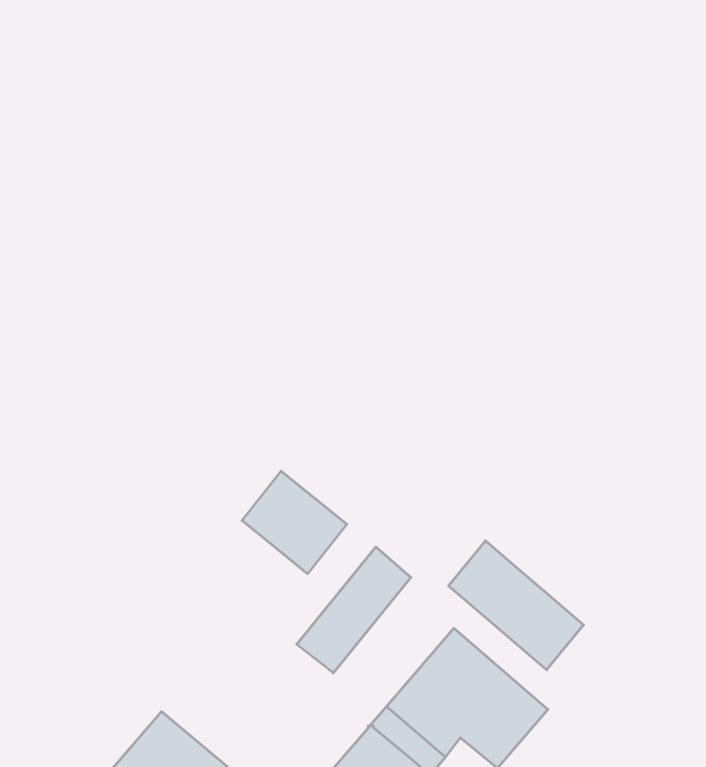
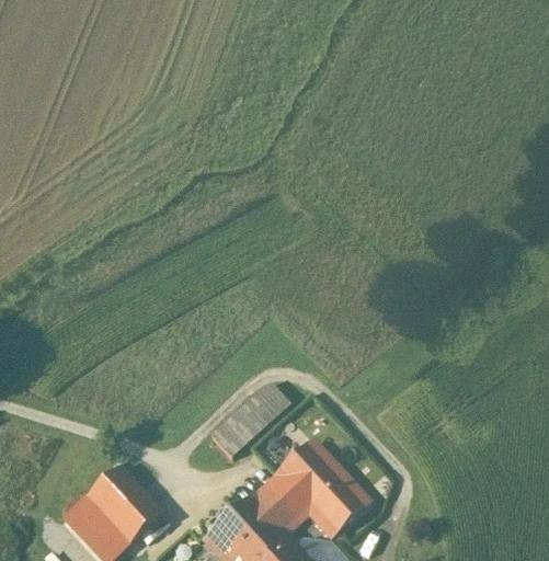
building: [242,471,347,574] -> none
building: [449,541,584,670] -> none

